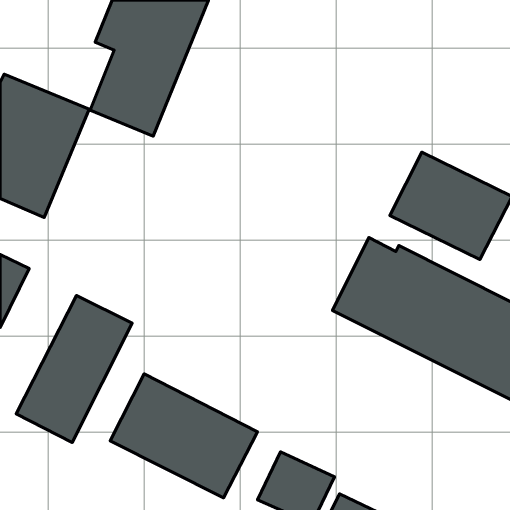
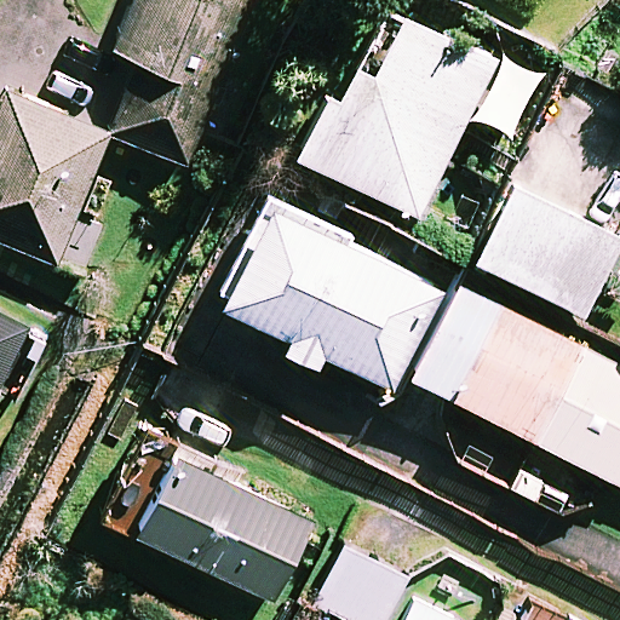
building: none -> [297,10,513,219]
building: none -> [212,197,448,396]
building: [16,295,132,442] -> none

